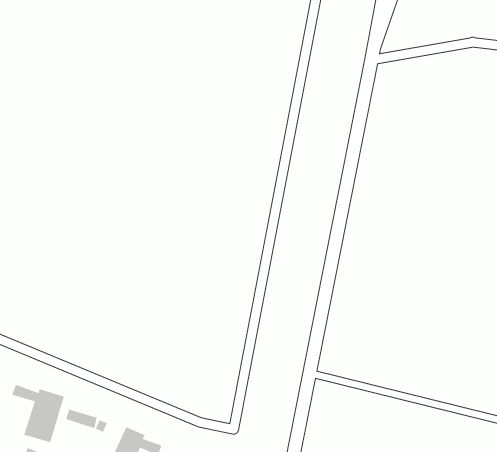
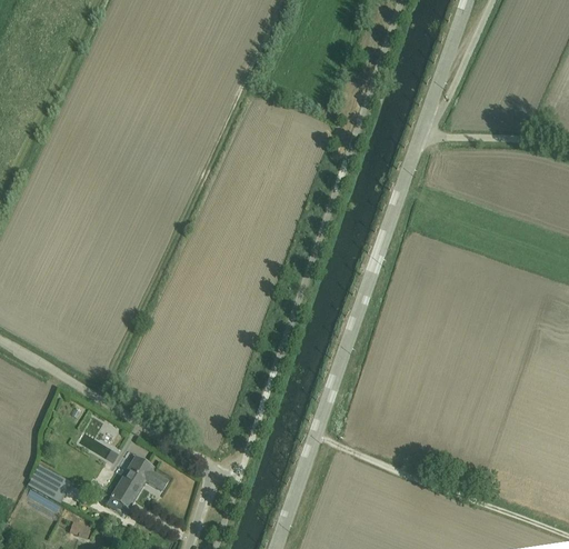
building: [11,384,65,443] -> none

